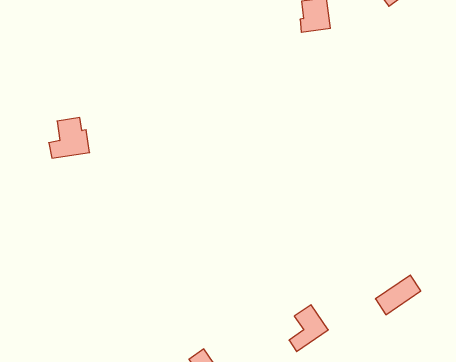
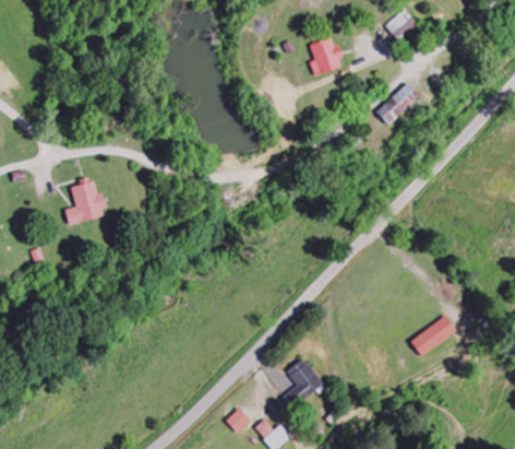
building: none -> [375,83,420,126]
building: [289,305,328,352] -> [284,358,323,407]

